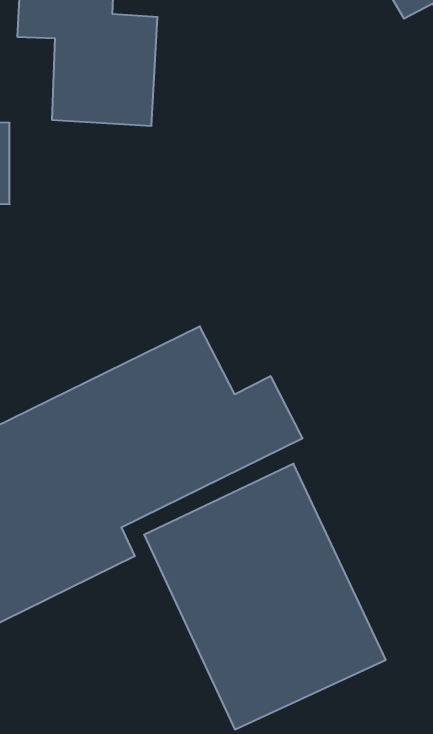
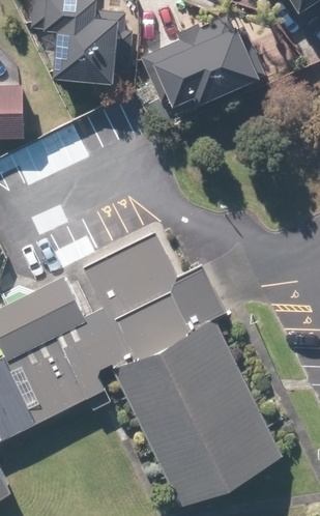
building: none -> [134,19,257,125]

